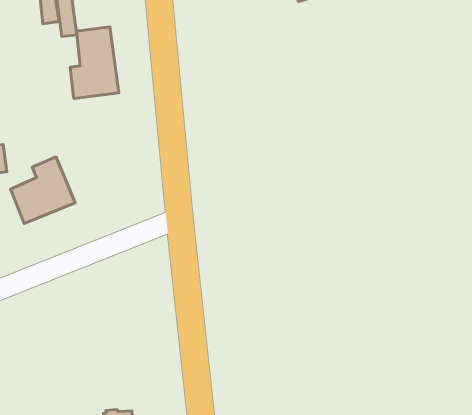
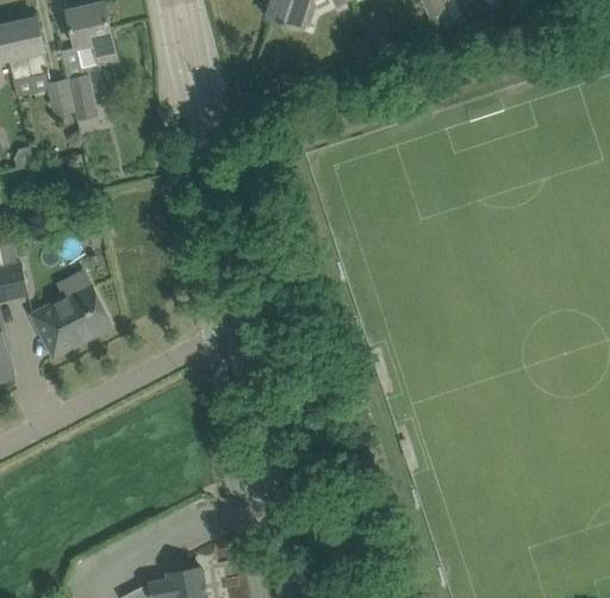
building: [70,27,119,98] -> none

